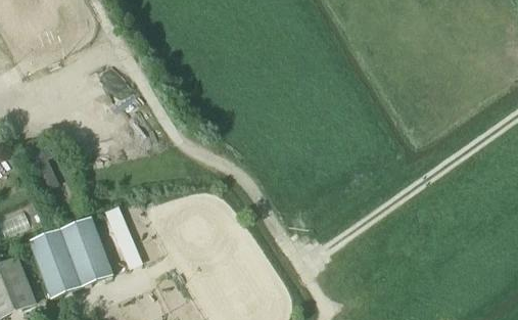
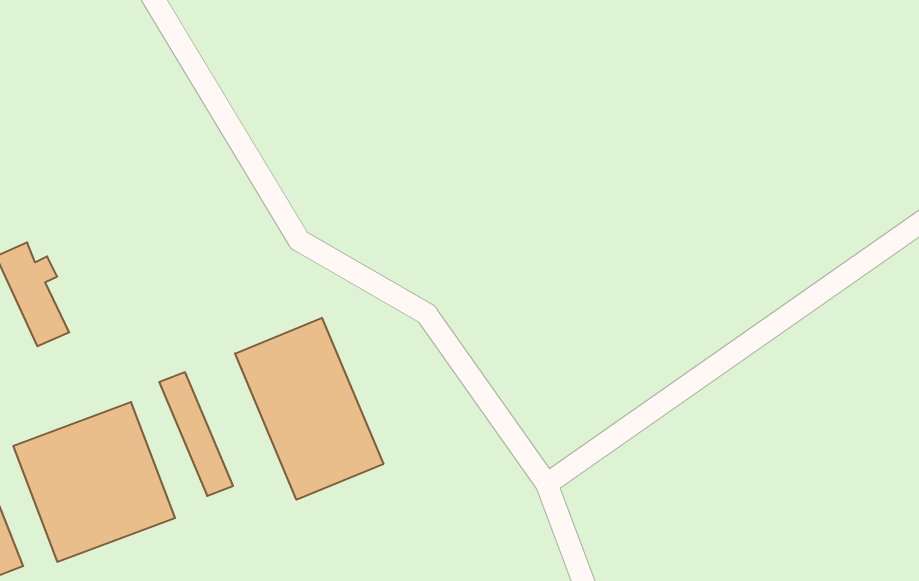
building: none -> [235,318,383,500]

